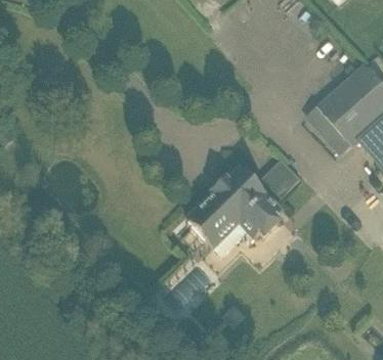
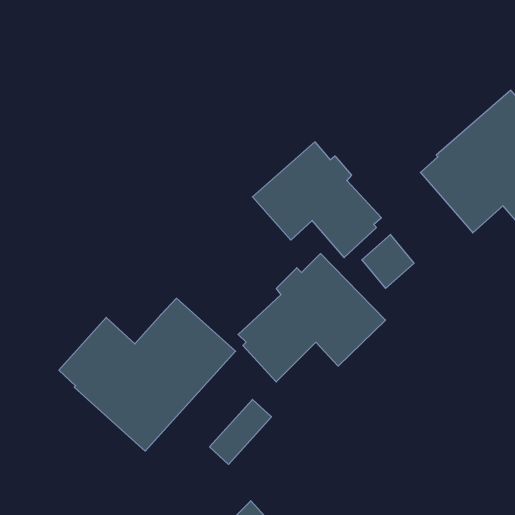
building: none -> [252,142,381,258]
building: none -> [59,298,236,451]

